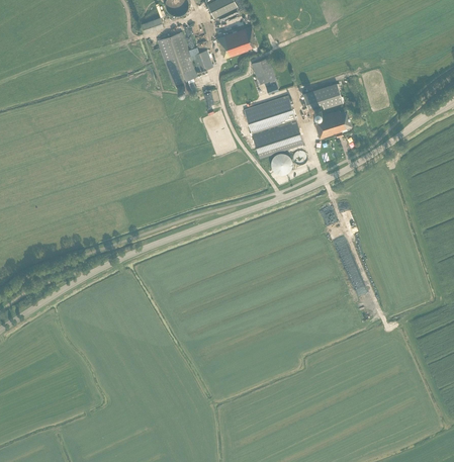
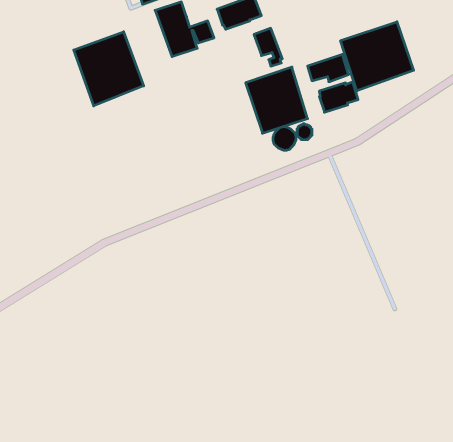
building: none -> [341,22,414,91]
building: none -> [74,32,144,106]

